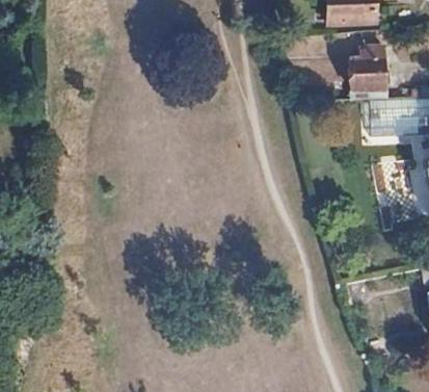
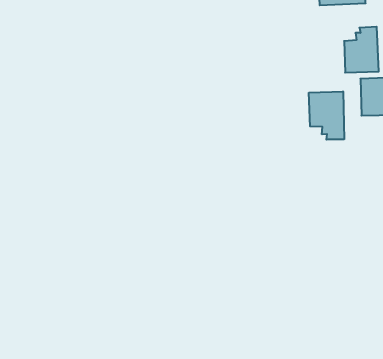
building: none -> [309,91,344,140]

